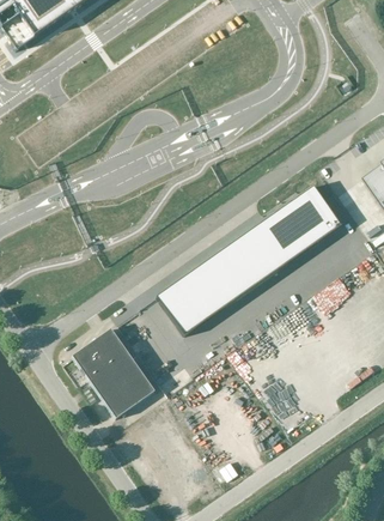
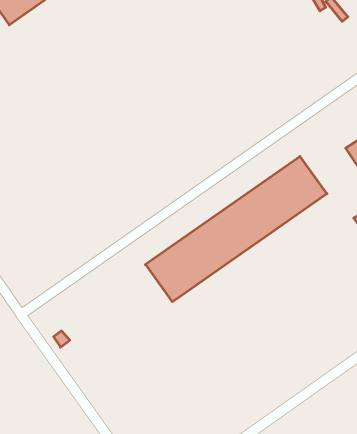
building: [72,326,156,416] -> none

